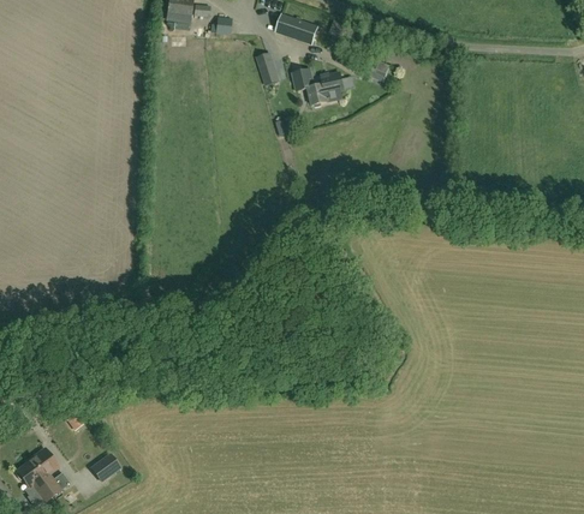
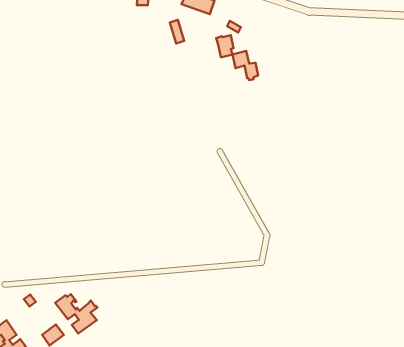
building: [293,70,327,108] -> [233,51,258,80]
building: none -> [55,294,97,333]

